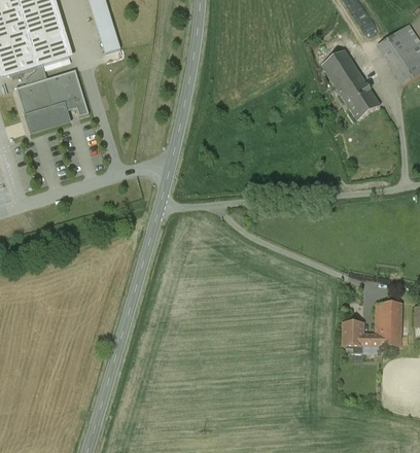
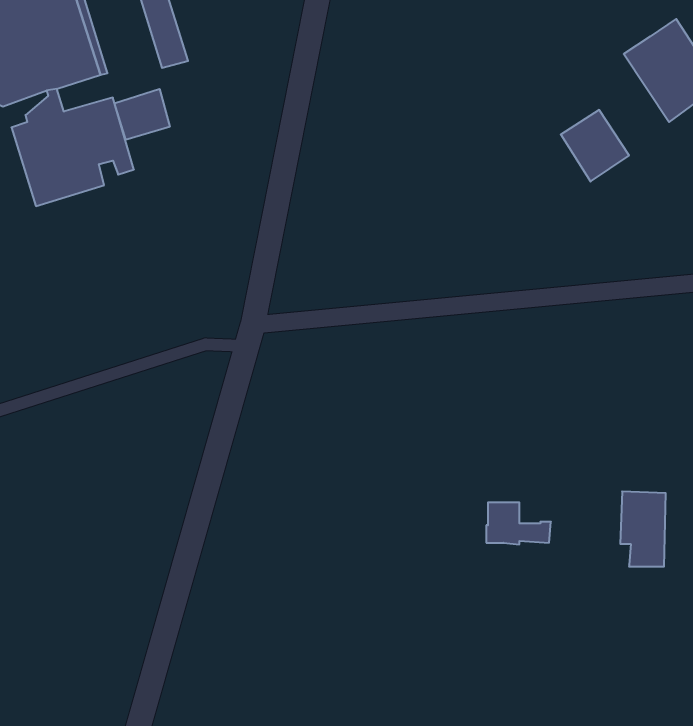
building: [321,48,362,91] -> none
building: none -> [114,89,170,140]
building: [343,320,381,345] -> [486,502,551,544]

